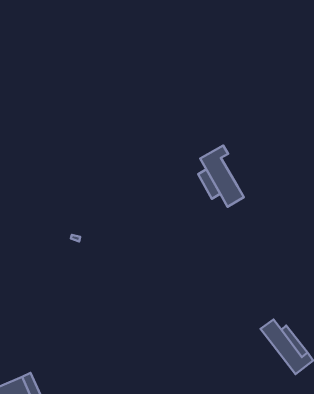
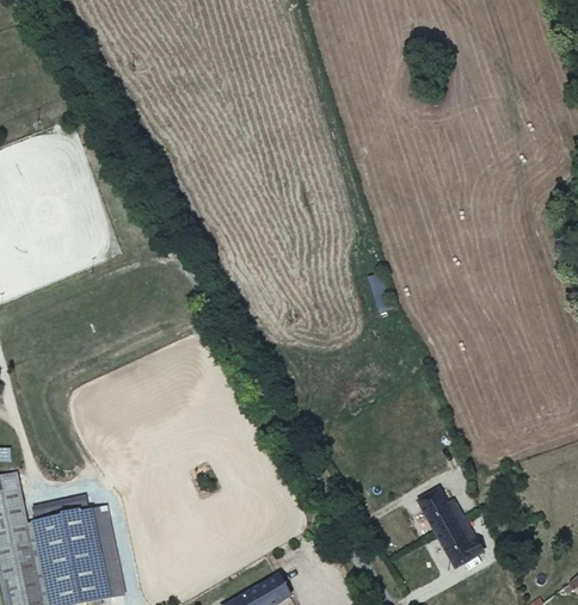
building: [200,146,244,207] -> none

